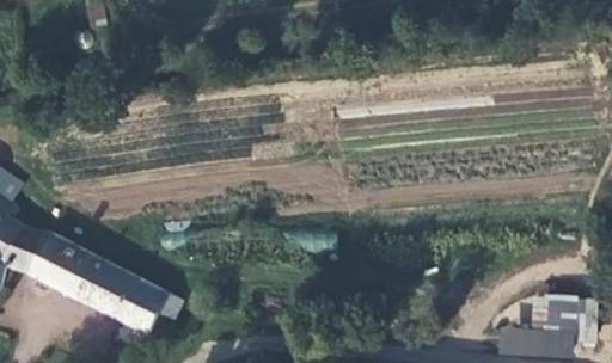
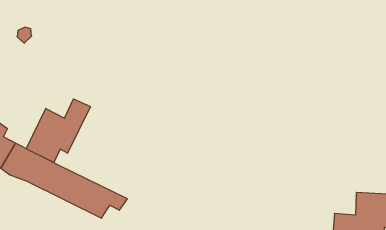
building: none -> [26,99,91,162]

